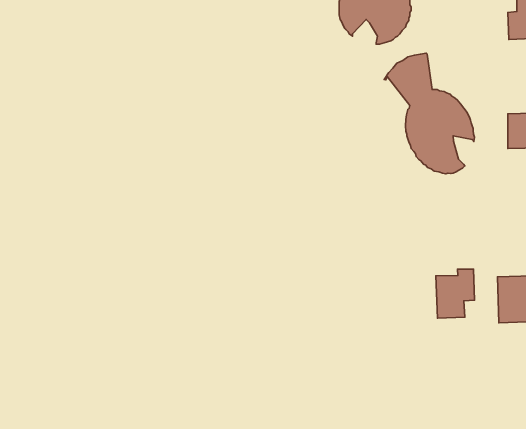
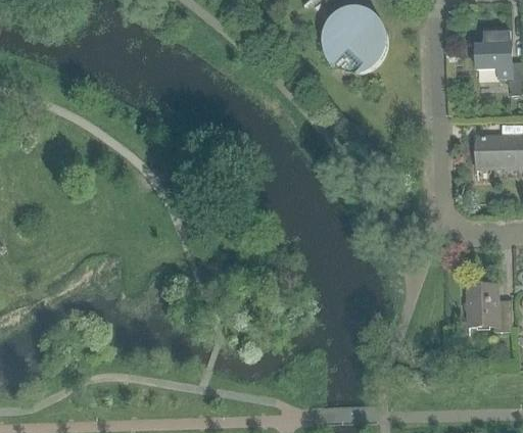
building: [384,53,474,174] -> none
building: [436,269,474,318] -> none

